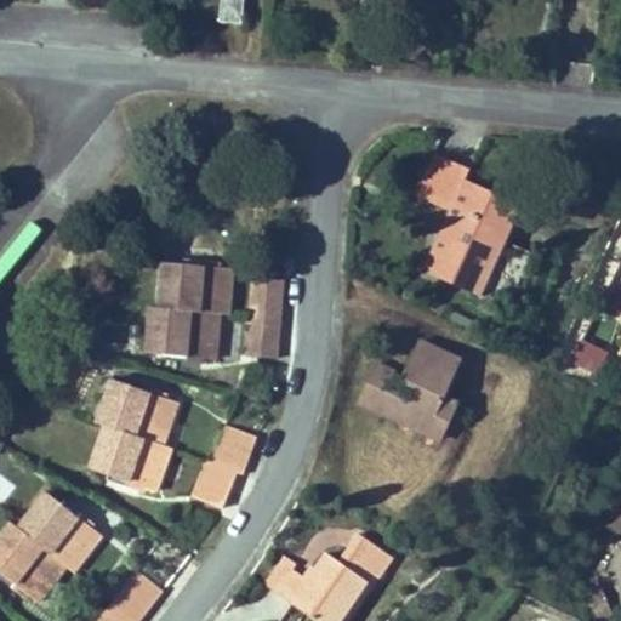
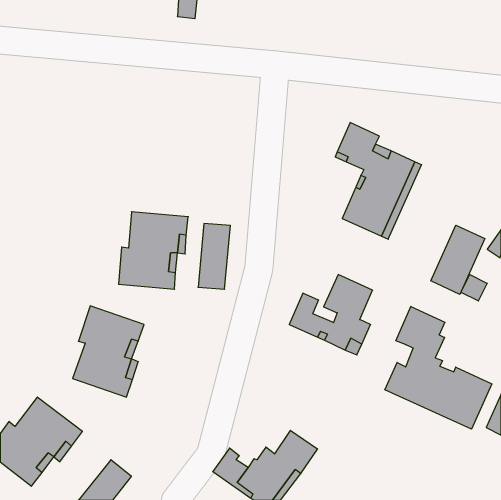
building: none -> [431,225,485,294]
building: none -> [385,306,492,429]
building: [192,425,257,508] -> none

